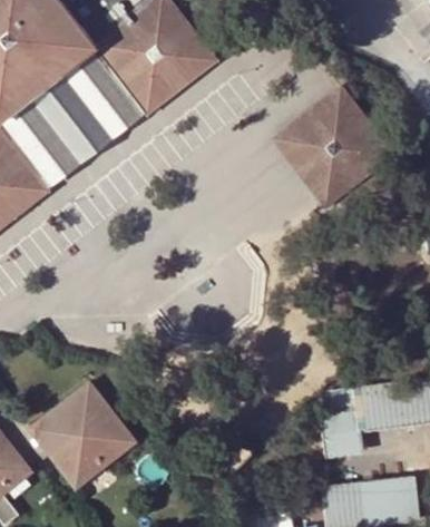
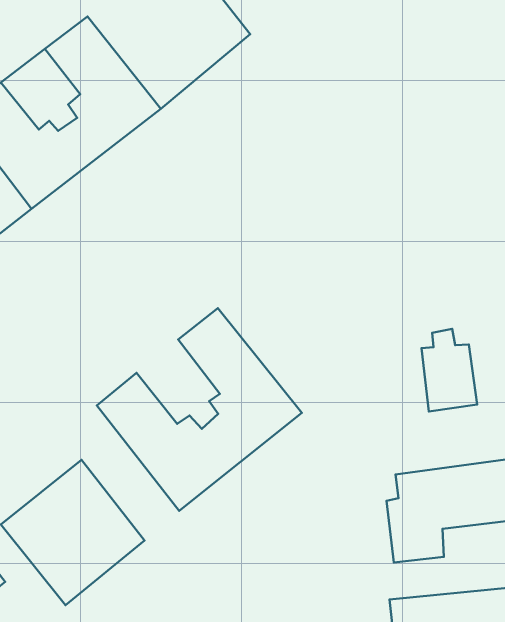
building: [271,82,398,209] -> none
building: none -> [97,308,302,511]
building: none -> [421,329,477,411]

